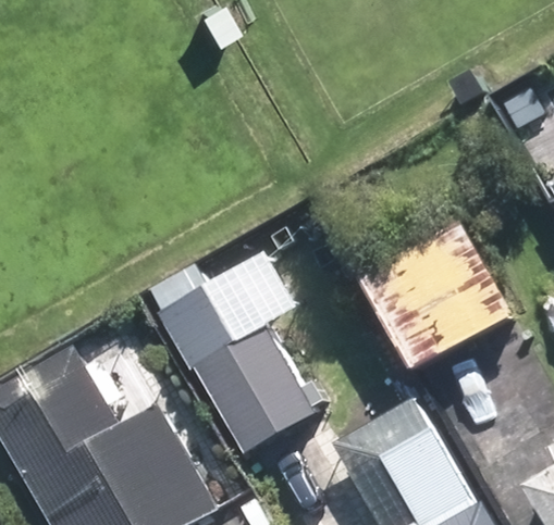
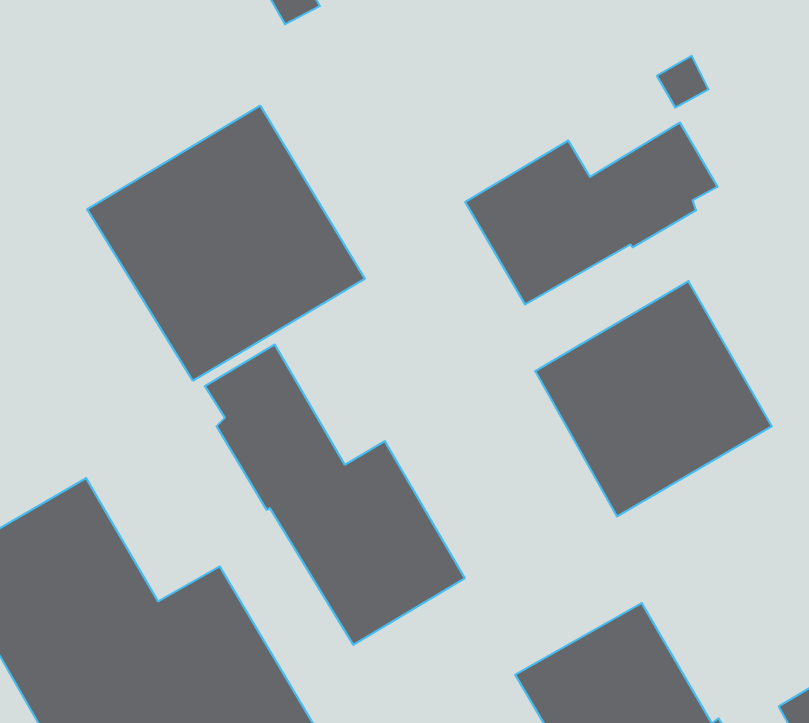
building: none -> [87,106,365,381]
building: none -> [465,123,718,305]

